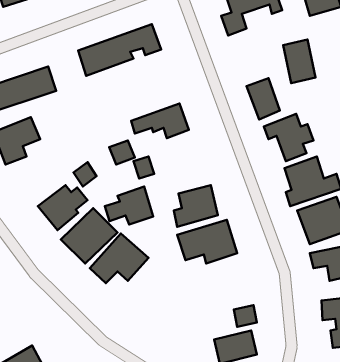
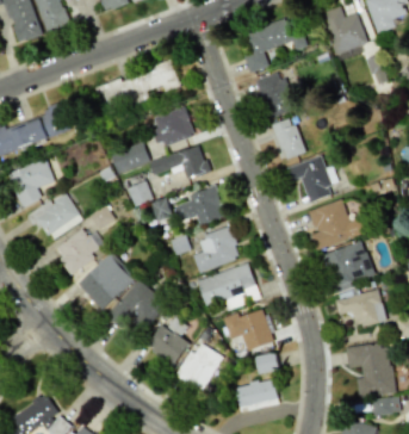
building: [283,39,315,83] -> [259,72,292,117]
building: none -> [153,106,194,145]
building: none -> [111,142,151,173]
building: none -> [27,192,82,238]
building: [105,187,153,225] -> [175,185,225,224]
building: none -> [224,308,274,351]
building: none -> [145,322,190,365]
building: none -> [175,342,224,392]

